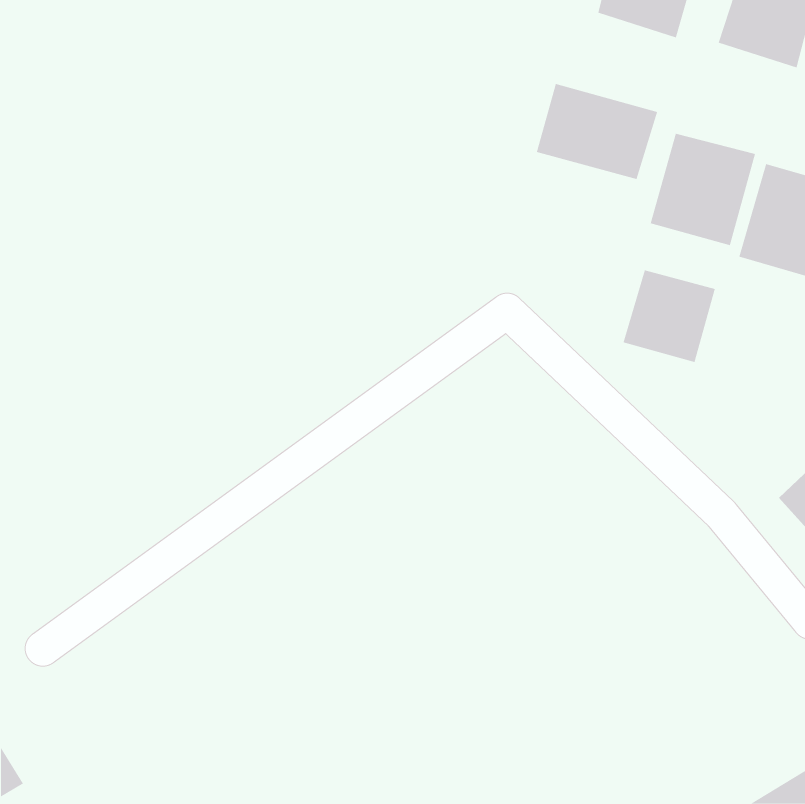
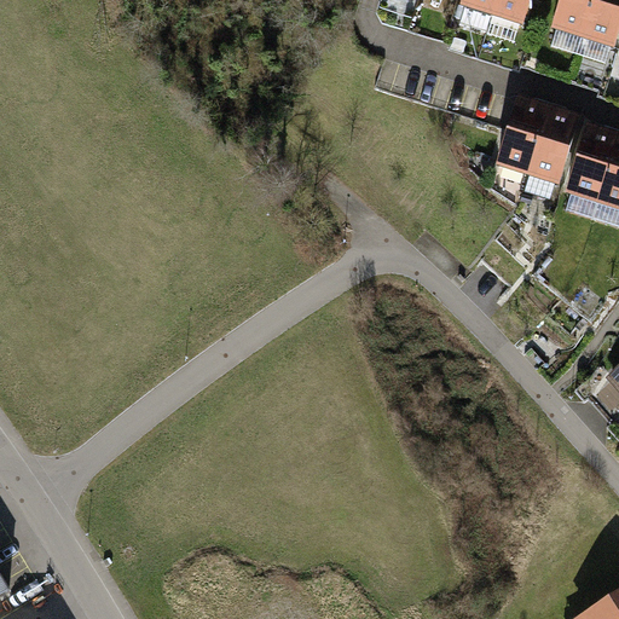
building: [536,83,658,180] -> none
building: [623,269,715,363] -> none

